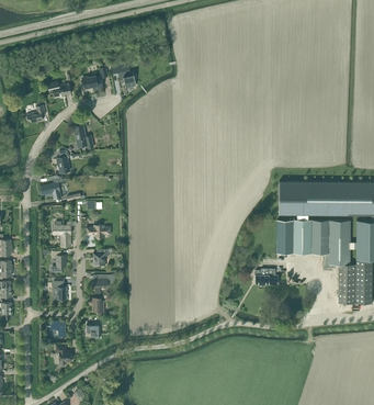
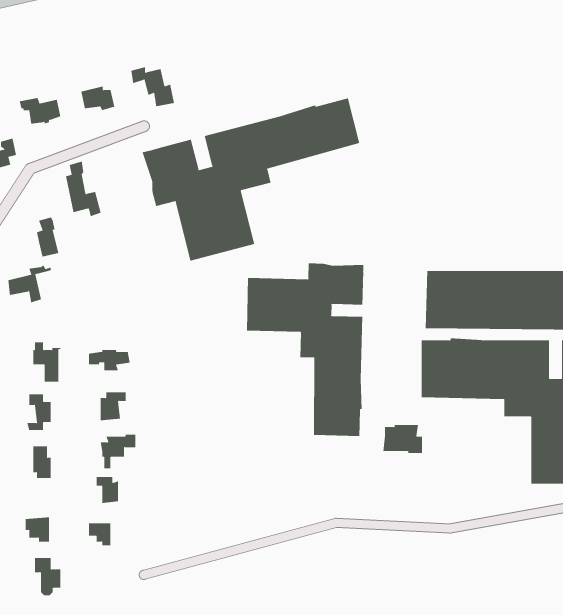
building: none -> [142,98,360,261]
building: none -> [246,263,364,437]

